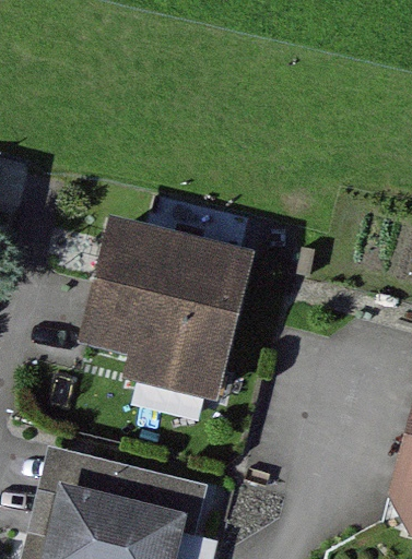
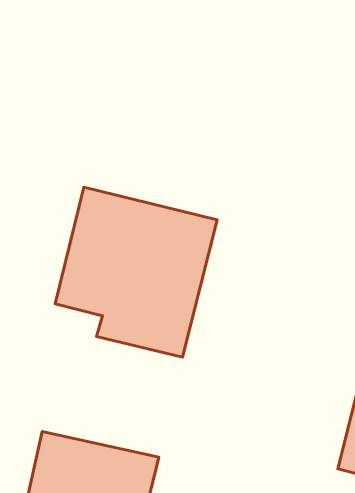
building: [44,447,214,535] -> none

